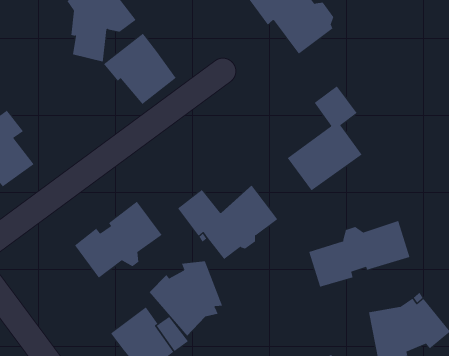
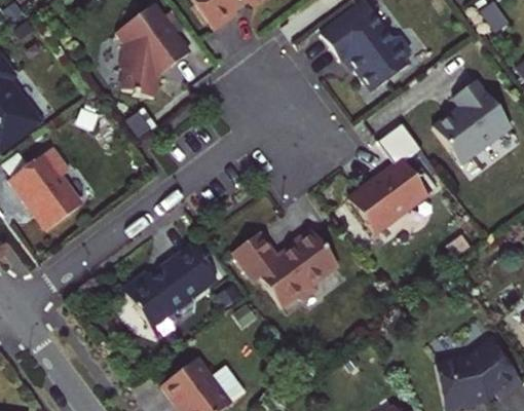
building: [103,33,177,105] -> none
building: none -> [434,79,513,163]
building: [308,220,410,288] -> none
building: [149,260,223,337] -> none

